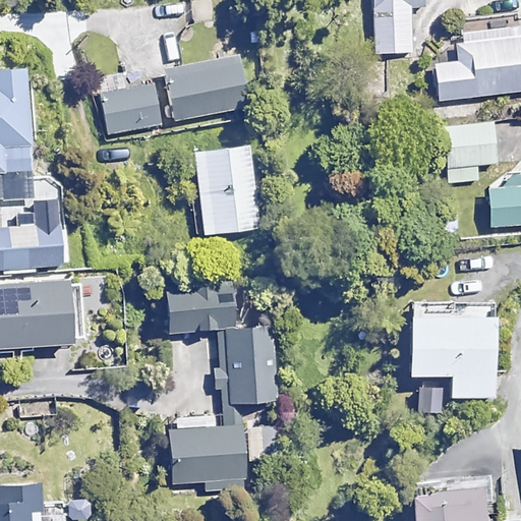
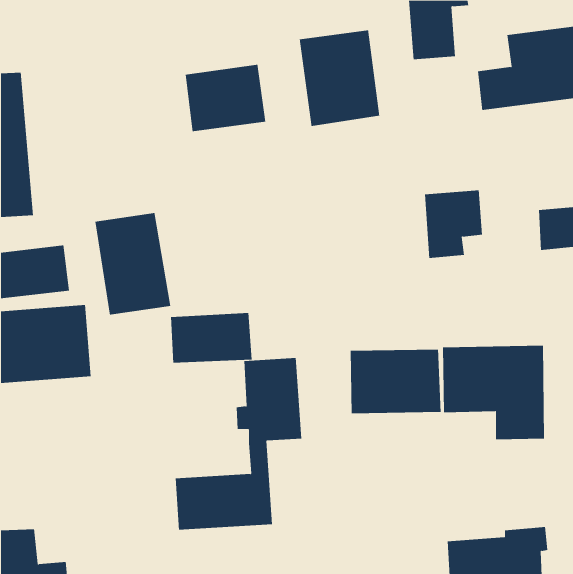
building: none -> [299,30,380,127]
building: [102,84,165,137] -> none
building: [444,123,497,185] -> [424,190,483,259]
building: [194,144,264,237] -> [94,213,171,315]
building: none -> [350,349,441,414]

